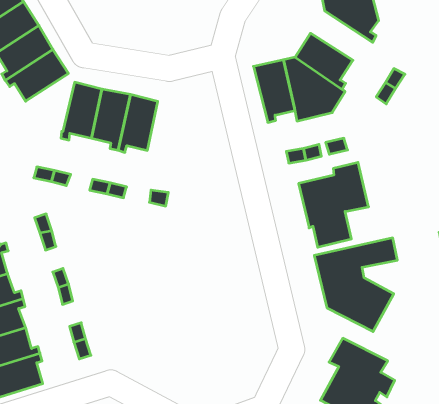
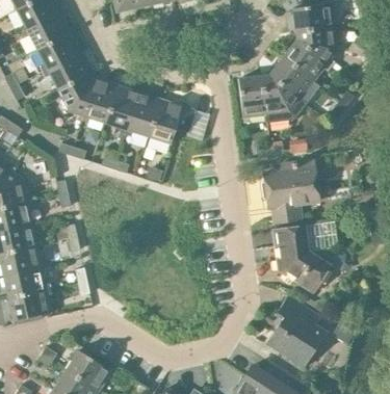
building: none -> [283,41,331,81]
building: none -> [56,72,96,116]
building: none -> [148,100,193,145]

